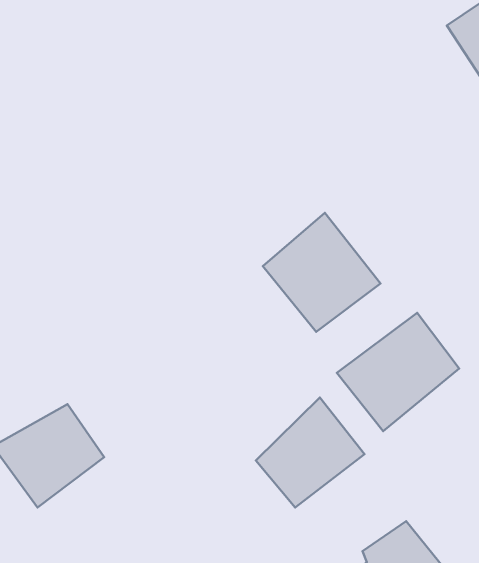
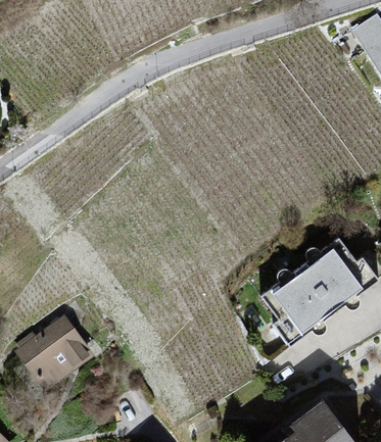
building: [263,213,381,332] -> none
building: [256,397,364,508] -> none

